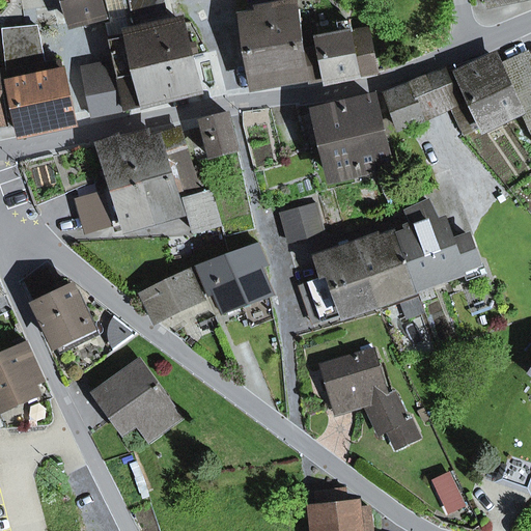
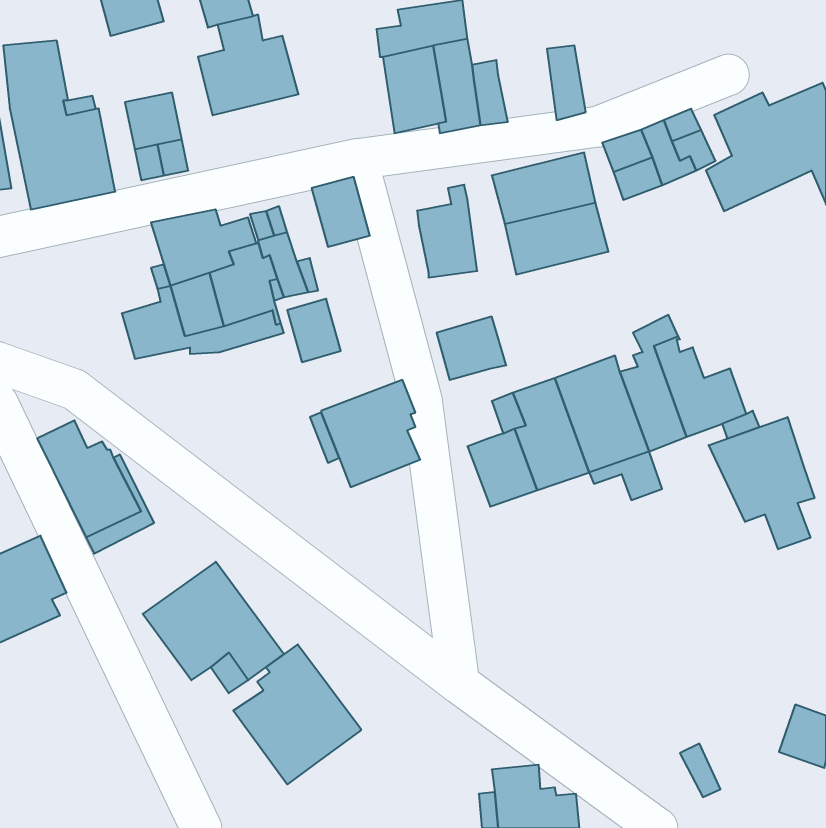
building: [317,22,356,81] -> [417,185,477,277]
building: [109,36,198,109] -> none
building: none -> [709,417,814,549]
building: [140,272,199,318] -> none
building: [319,350,416,447] -> none
building: none -> [233,644,361,784]

